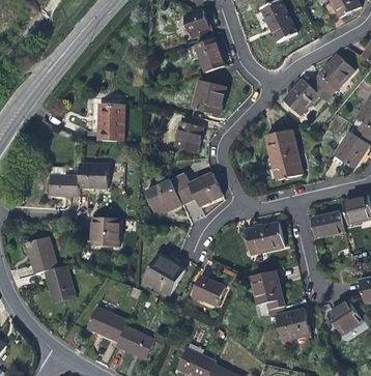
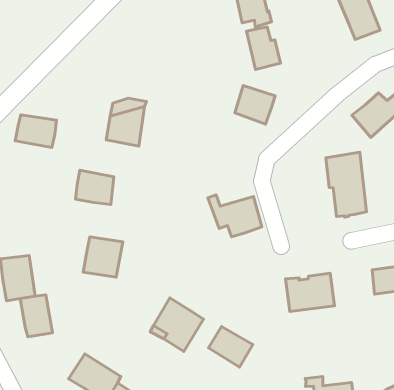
building: [175,121,202,151] -> none
building: [47,176,77,199] -> [15,115,56,148]
building: [147,176,191,214] -> none
building: [253,267,287,308] -> none

